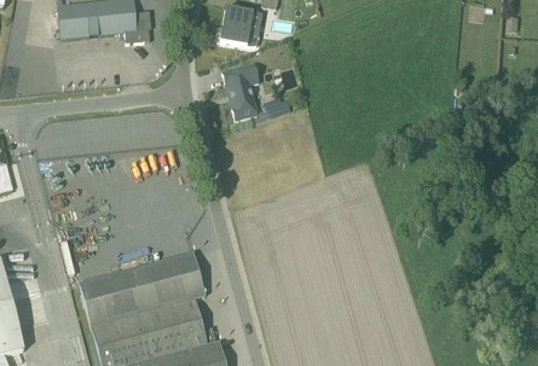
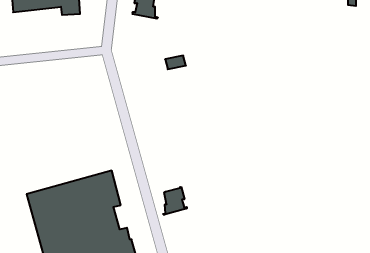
building: [221,64,259,120] -> none
building: none -> [163,187,187,215]

